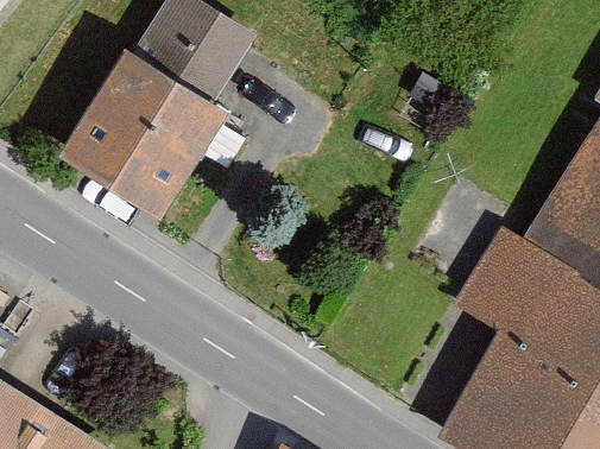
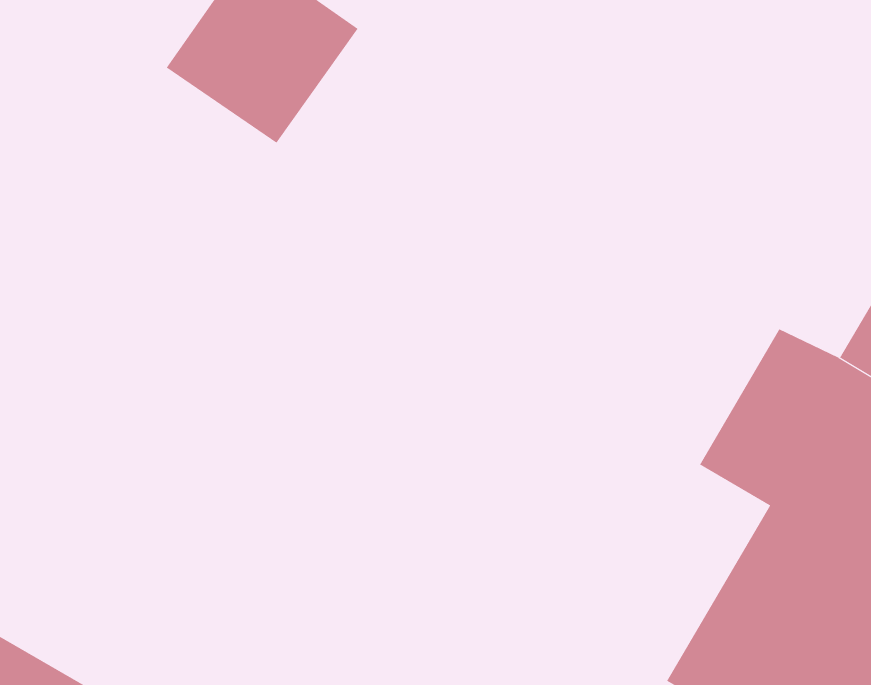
building: [46,43,215,215] -> none

